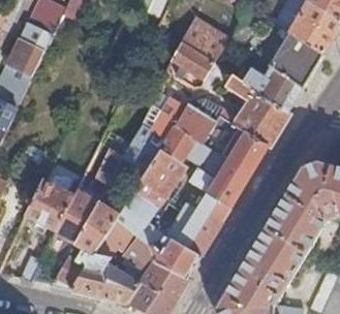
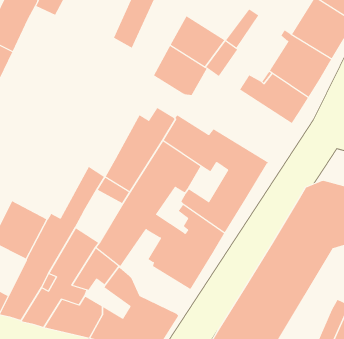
building: [188,74,291,149] -> none
building: [149,237,200,278] -> none

